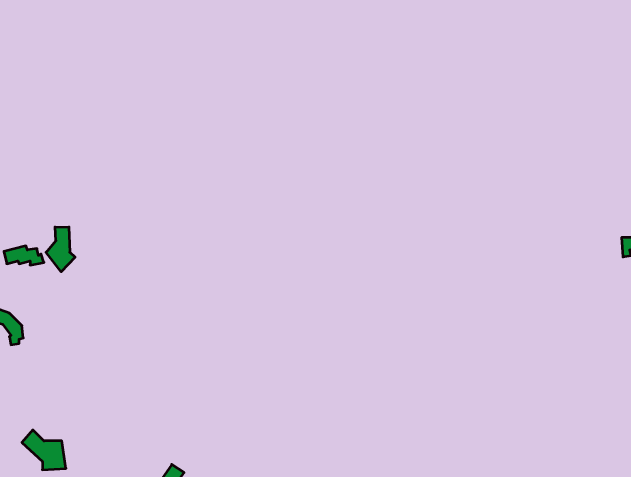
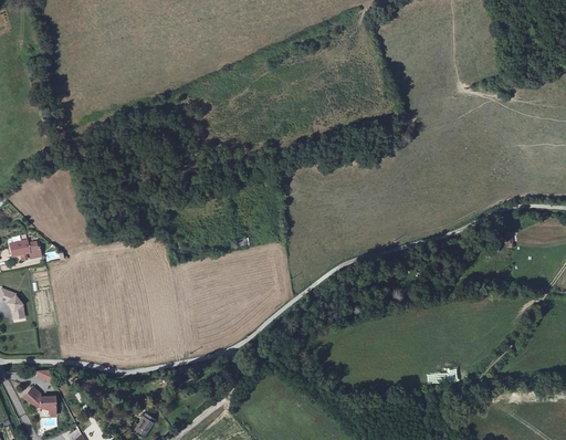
building: [46,227,75,272] -> none

